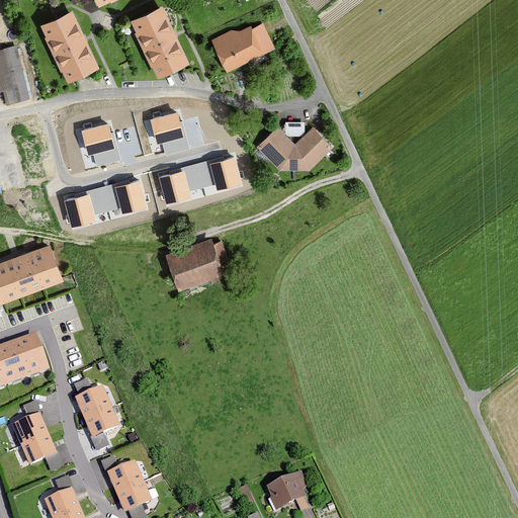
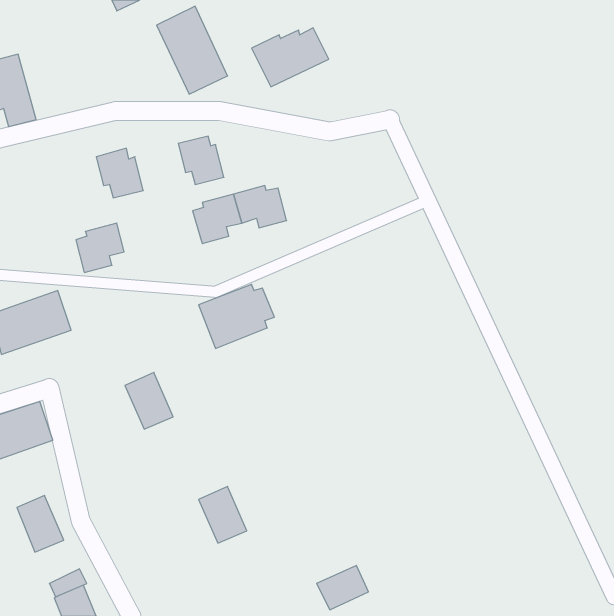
building: [40,11,101,84] -> none
building: [256,126,334,172] -> none
building: [98,180,143,215] -> none
building: [76,388,116,436] -> [125,372,173,429]
building: [108,463,149,511] -> [199,486,247,543]

